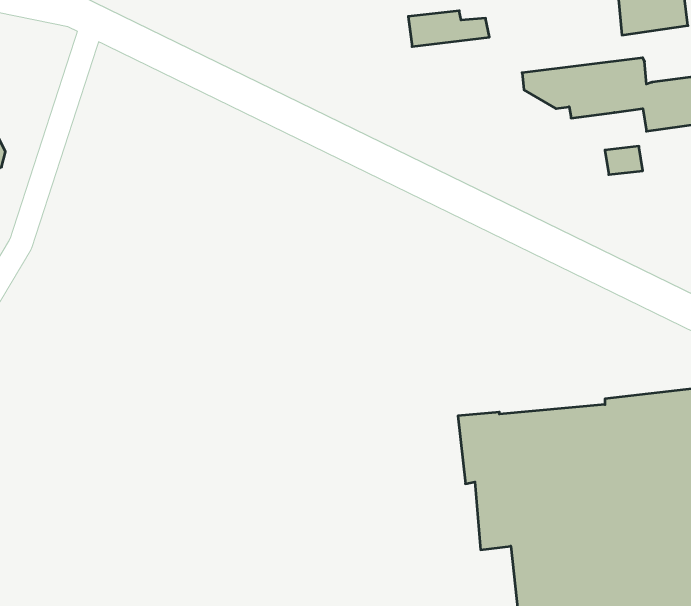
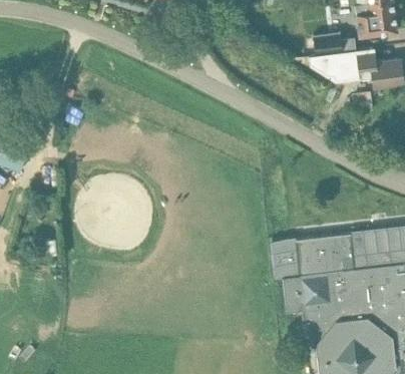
building: [408,11,489,47] -> [314,35,357,54]

